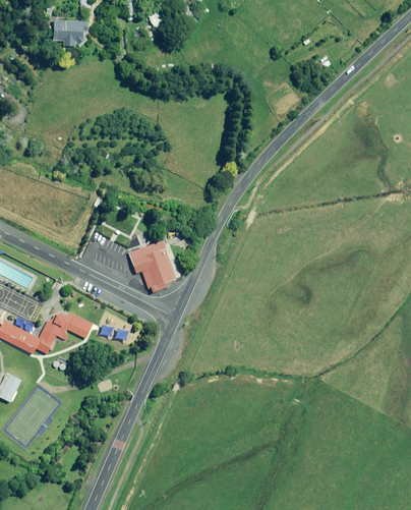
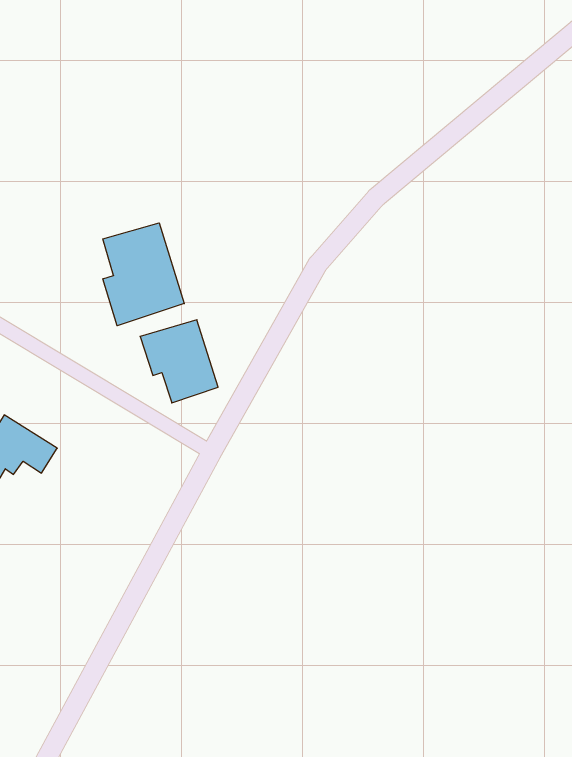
building: none -> [103,223,184,326]

